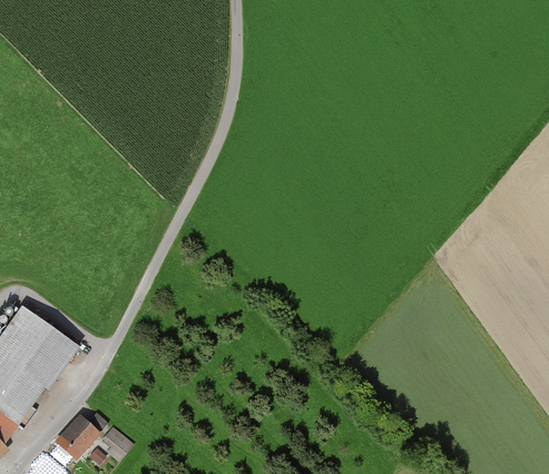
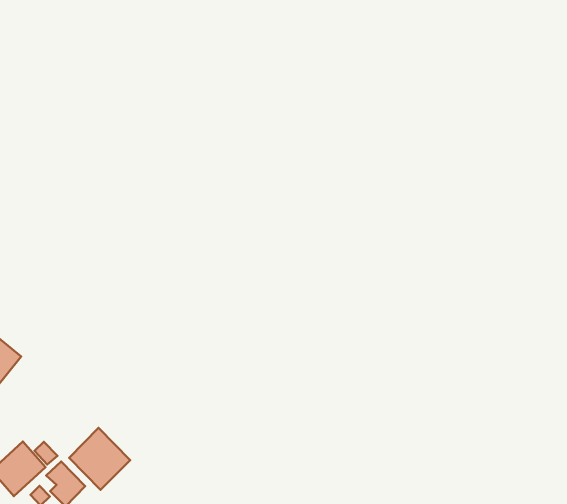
building: none -> [69,428,130,490]

